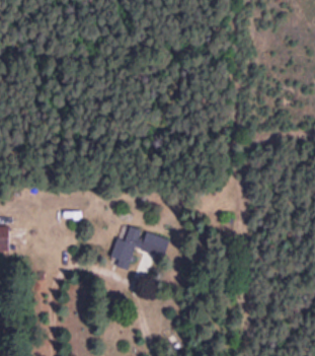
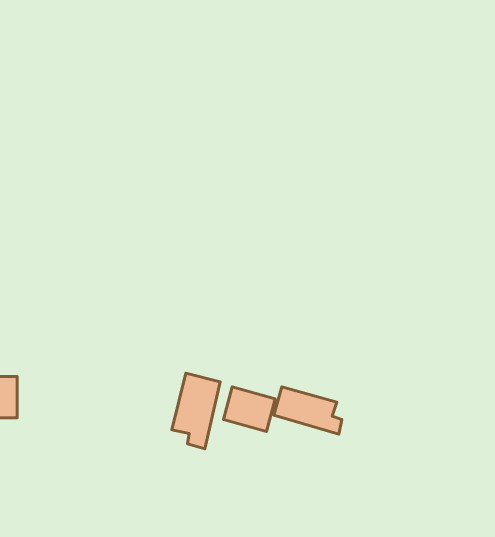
building: none -> [274,387,342,434]

